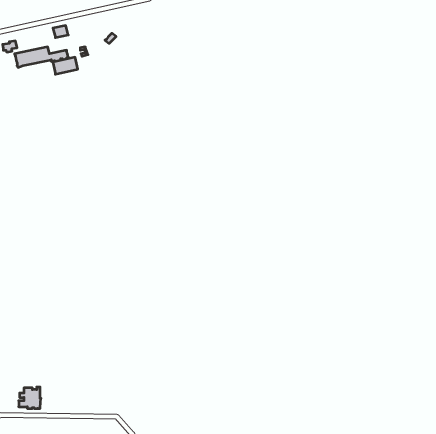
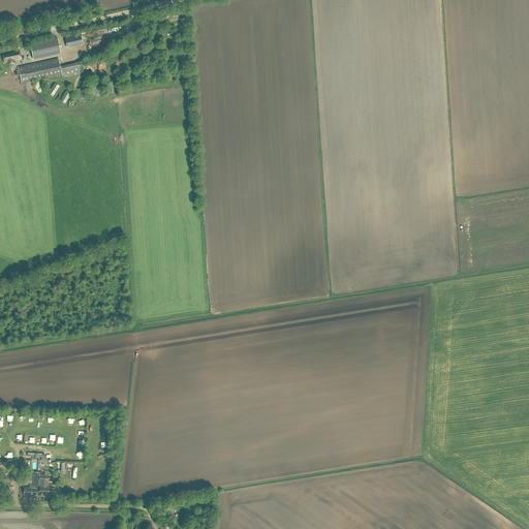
building: [53,57,78,74] -> [30,36,60,57]

